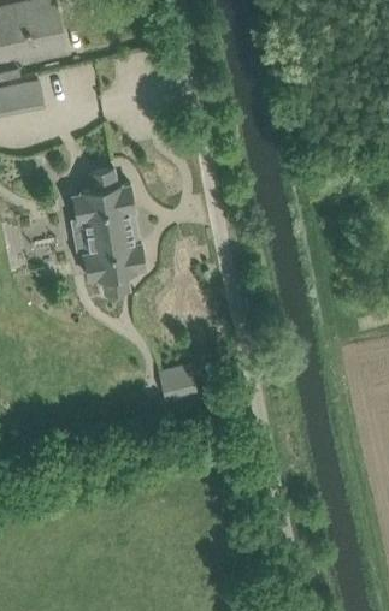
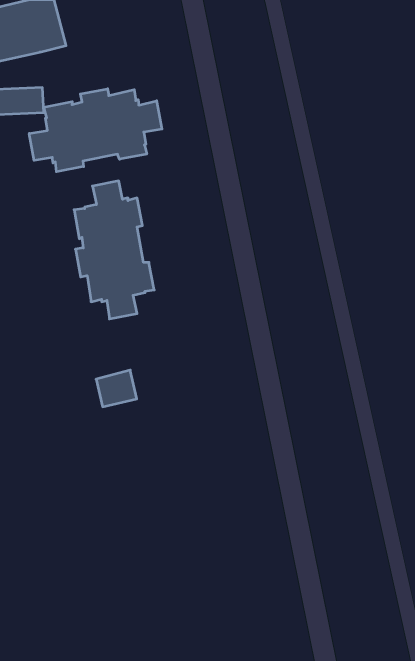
building: none -> [29,89,162,172]
building: [158,366,195,399] -> [96,370,137,407]

